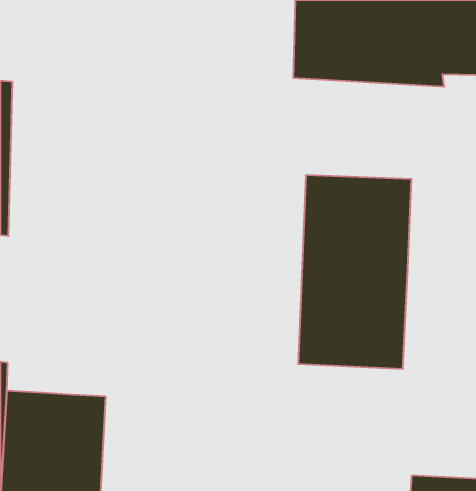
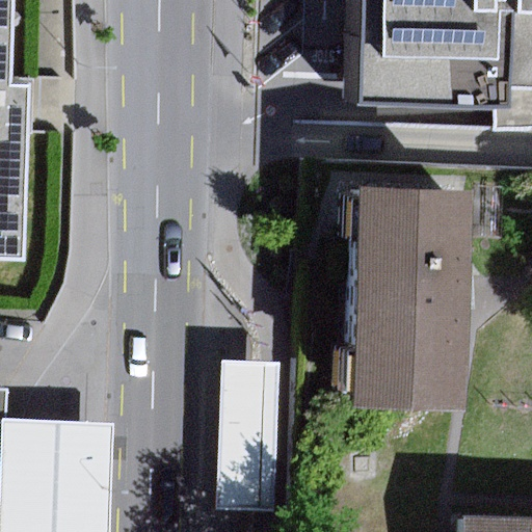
building: none -> [211,353,278,504]

